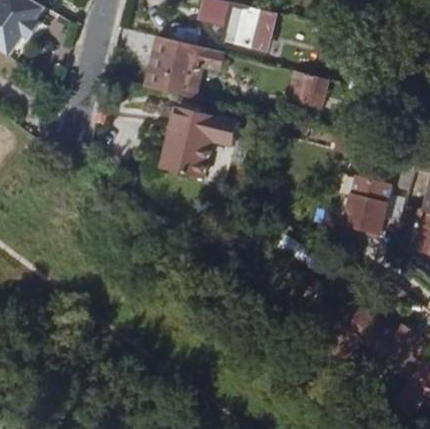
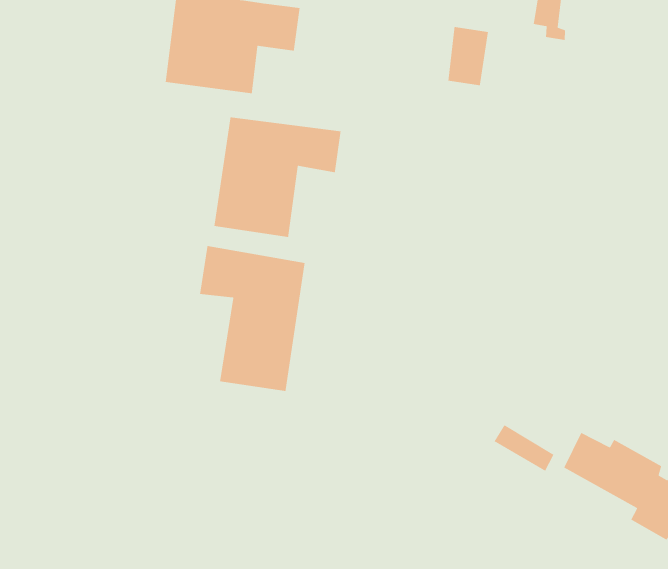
building: [346,173,410,233] -> none
building: none -> [199,245,306,392]

